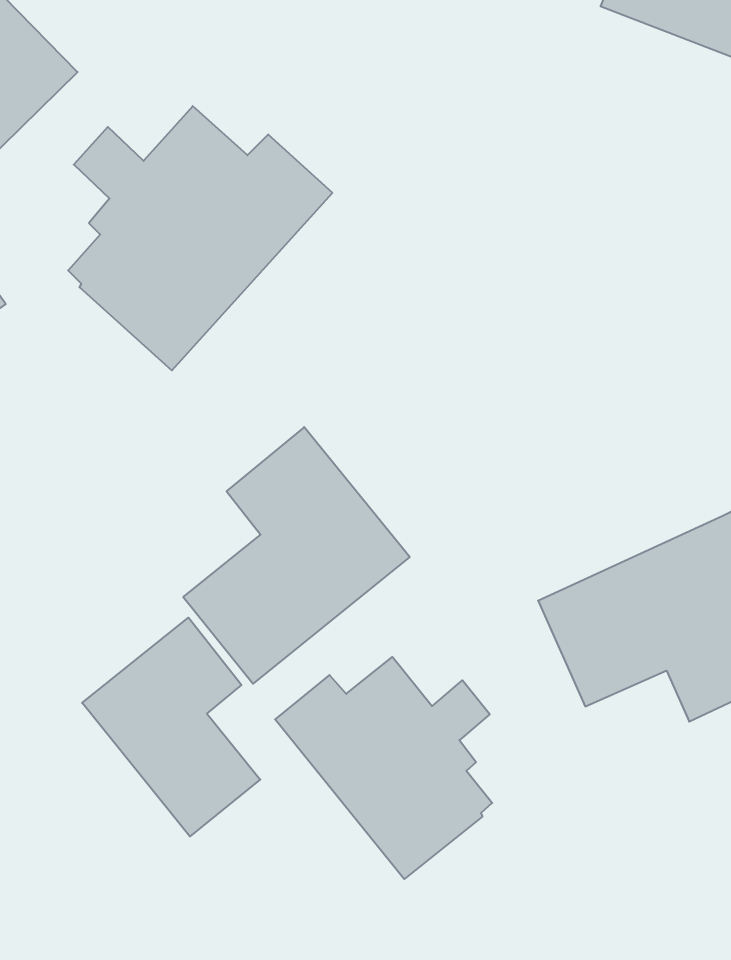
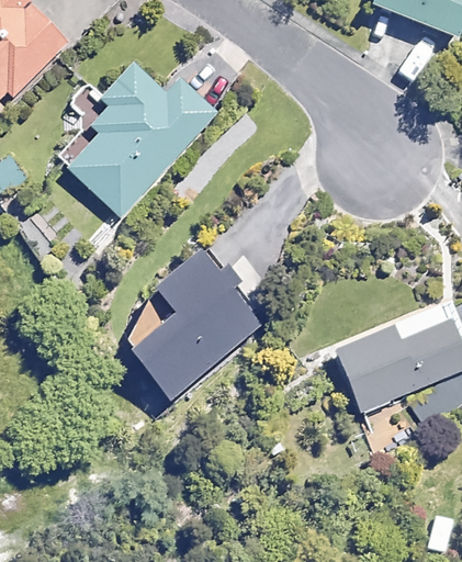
building: [82,618,260,836] -> none
building: [275,657,492,879] -> none

